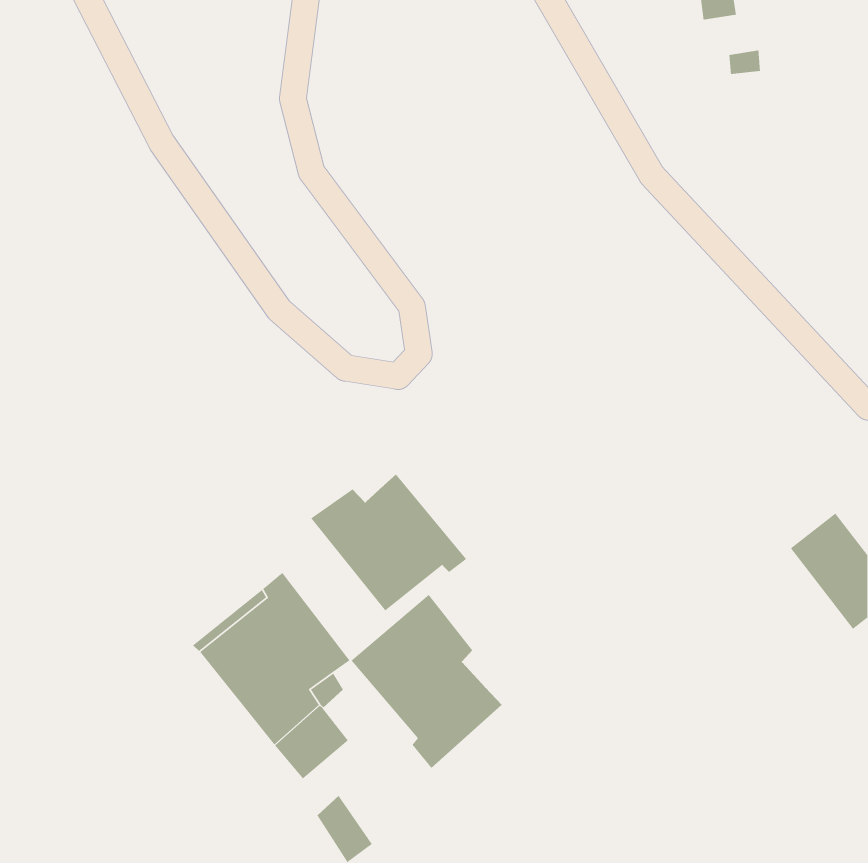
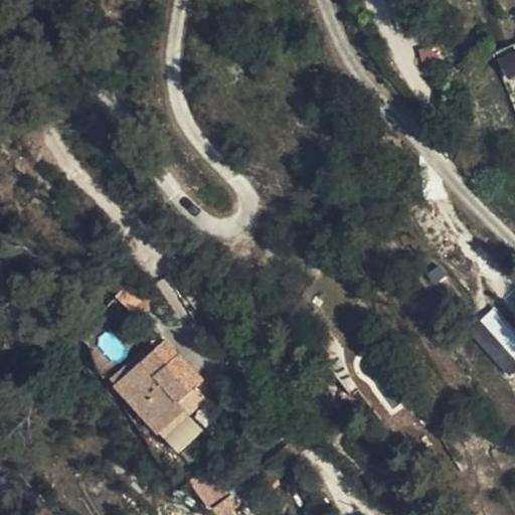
building: [310,473,467,612] -> none
building: [351,594,502,769] -> none

